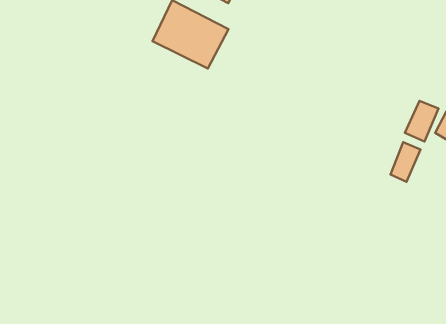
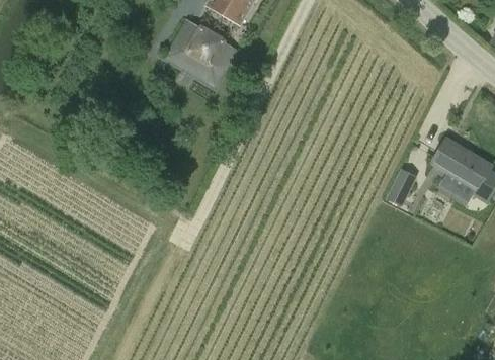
building: [405,101,438,141] -> none

